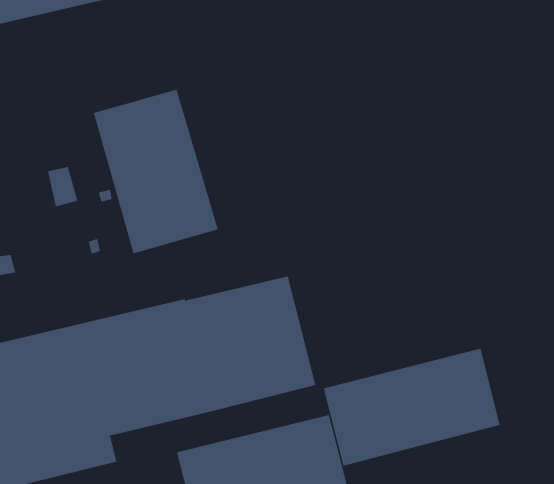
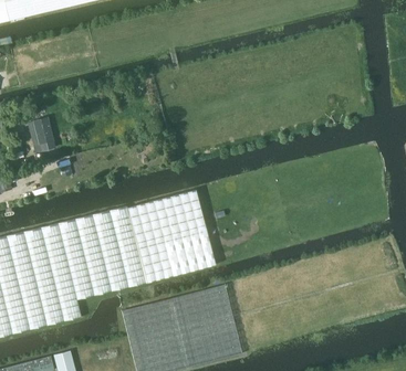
building: [93,89,218,254] -> none
building: [323,348,500,467] -> none

